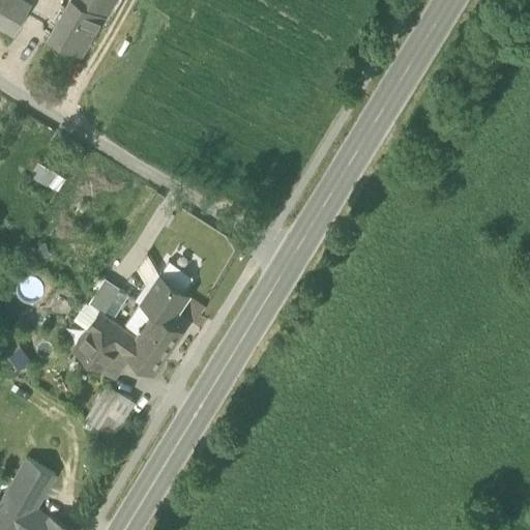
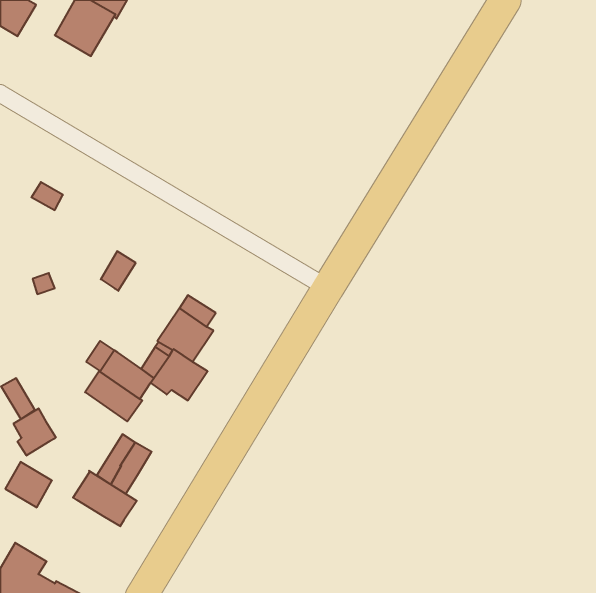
building: [89,281,120,316] -> [101,251,136,291]
building: [124,343,167,377] -> none
building: none -> [14,408,56,456]
building: none -> [73,471,137,526]
building: [13,461,55,501] -> [5,462,52,507]

